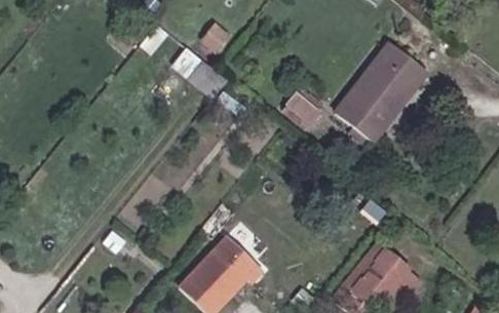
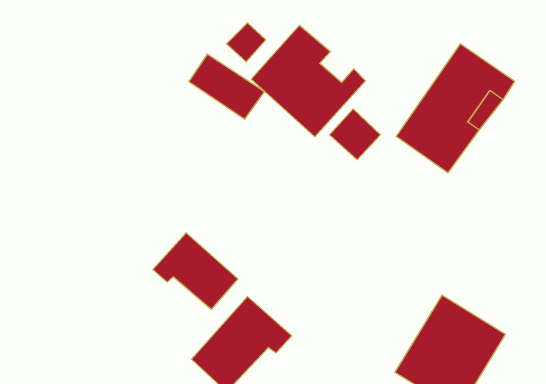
building: none -> [251,25,366,137]
building: none -> [153,233,238,309]

